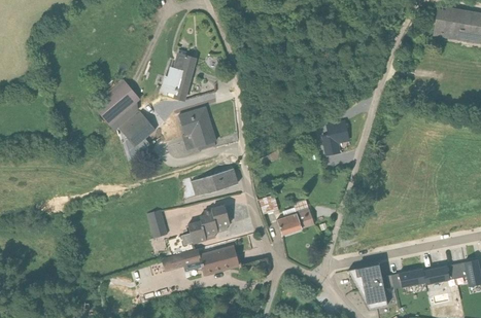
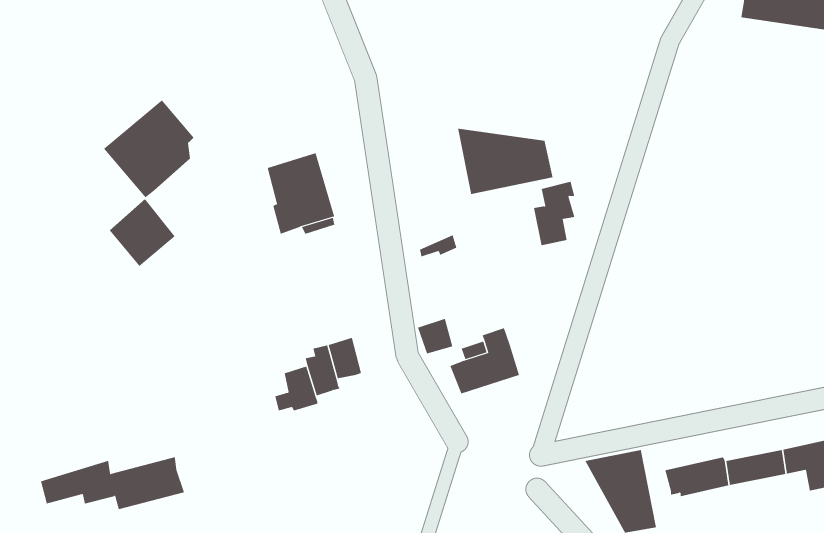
building: [152,50,193,97] -> none
building: none -> [457,128,553,195]
building: [116,107,152,144] -> [109,198,175,267]
building: [190,167,237,195] -> none
building: [144,210,166,238] -> none
building: [160,246,238,275] -> [40,457,185,510]

